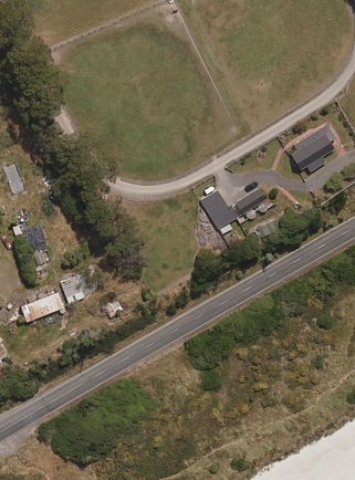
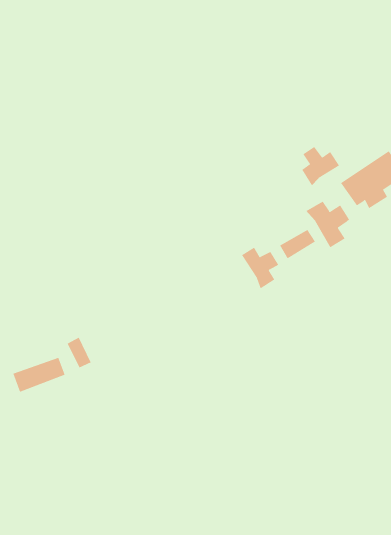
building: none -> [301,146,340,186]
building: none -> [305,201,350,248]

